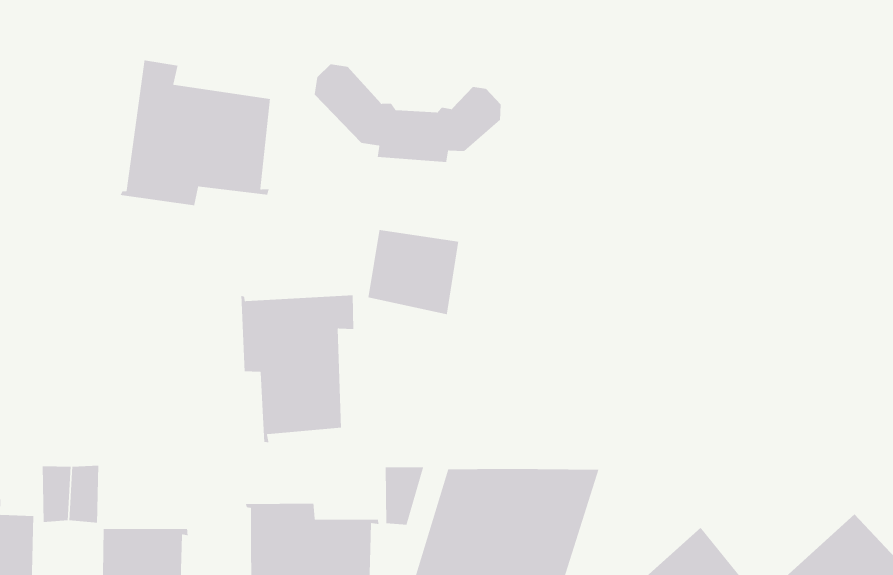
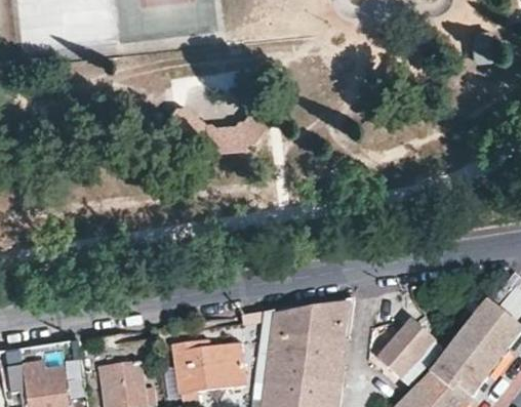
building: [120,60,271,206] -> none
building: [368,229,459,315] -> none
building: [241,295,354,443] -> none

